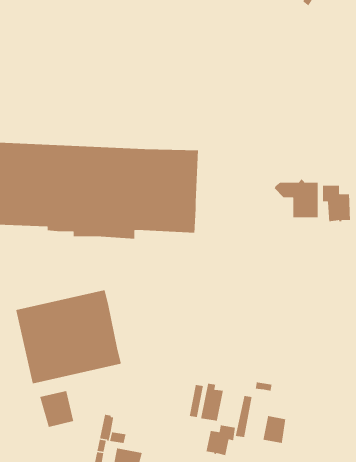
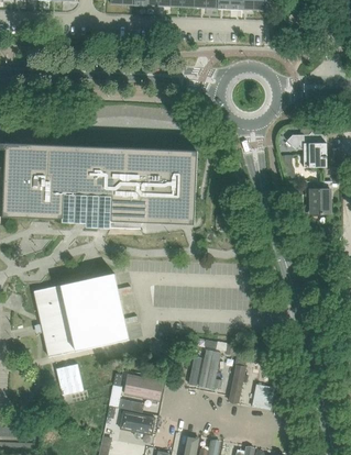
building: [274,178,319,218] -> [286,132,326,167]
building: none -> [123,377,161,399]
building: [206,425,236,456] -> none

